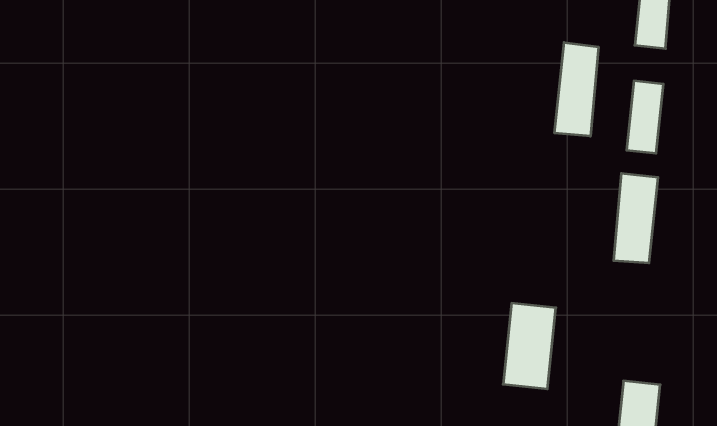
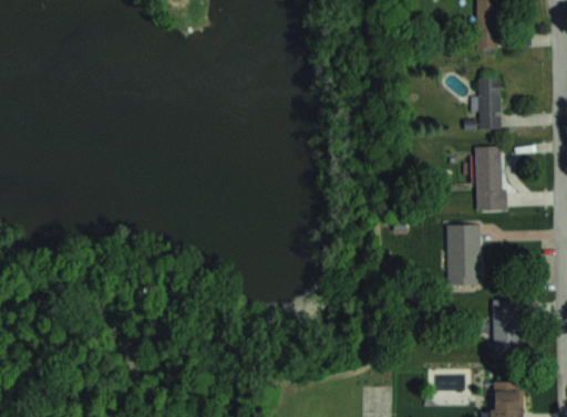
building: [555,42,598,136] -> none
building: [503,303,556,389] -> [446,223,480,284]

